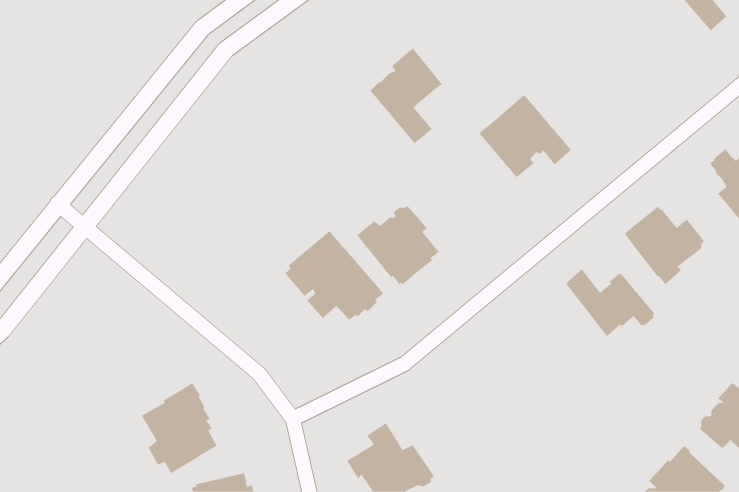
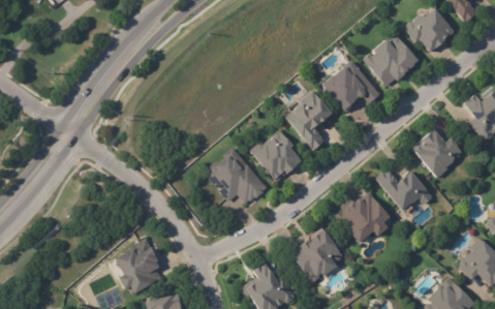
building: none -> [406,7,455,52]
building: [369,47,443,144] -> [285,88,331,148]
building: none -> [365,36,420,87]
building: none -> [336,192,393,244]
building: none -> [291,230,343,284]

